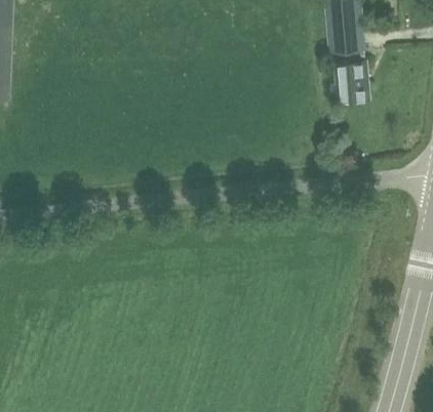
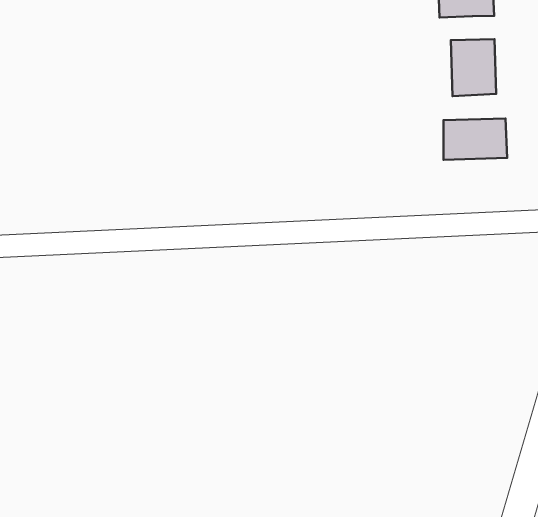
building: none -> [444,118,507,160]

